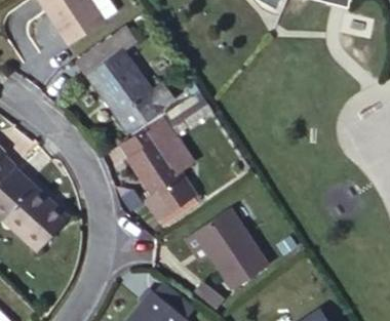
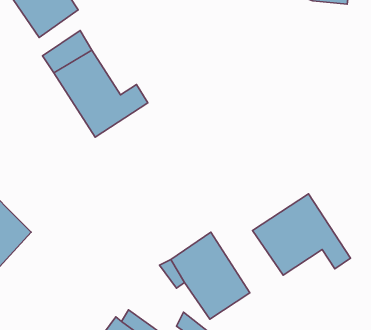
building: [123,96,211,218] -> none
building: none -> [253,194,351,275]

